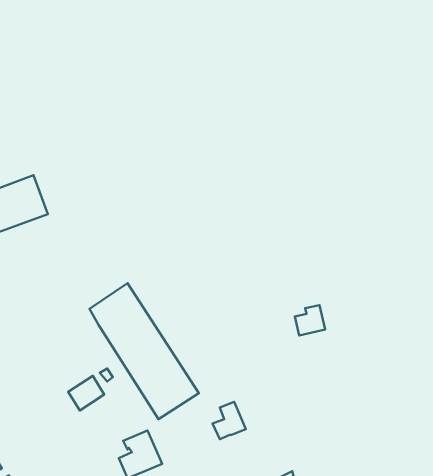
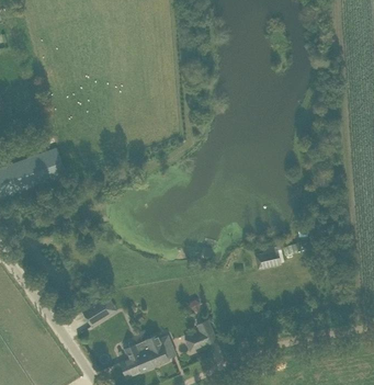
building: [89,283,199,419] -> none
building: none -> [141,335,175,366]

